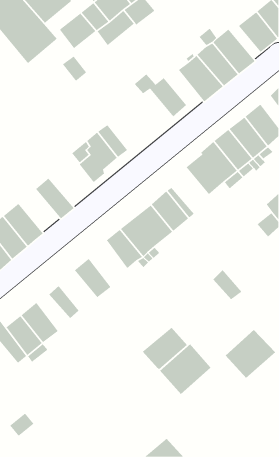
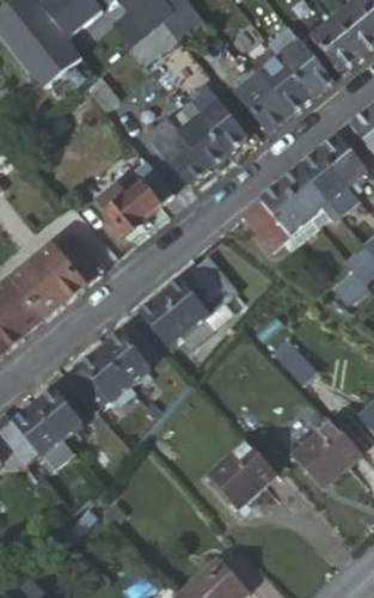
building: none -> [147,109,228,185]
building: none -> [31,243,85,300]
building: none -> [80,347,131,399]
building: [142,327,188,370] -> none

